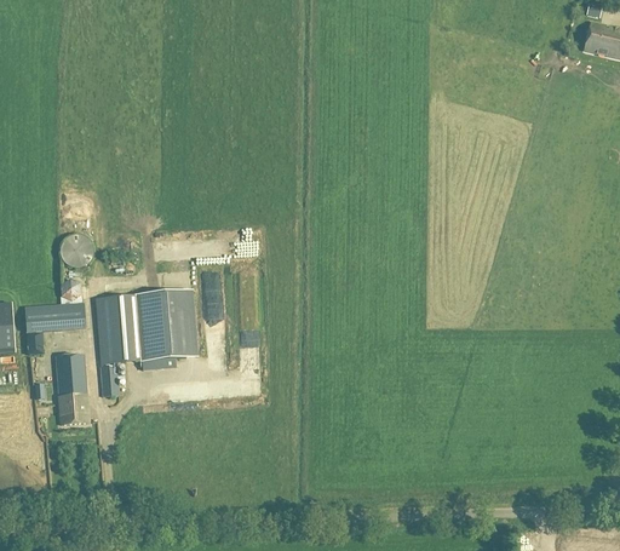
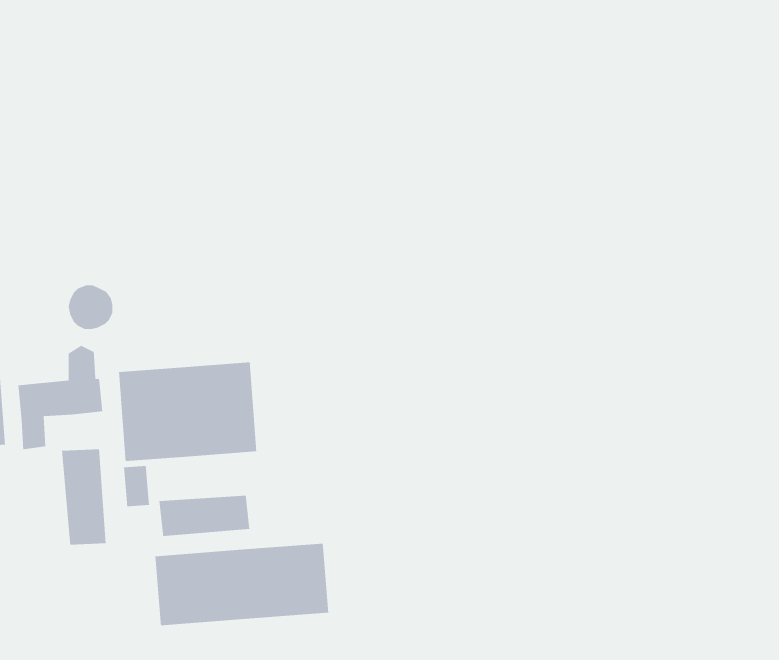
building: none -> [159,495,250,537]
building: none -> [155,543,329,626]

